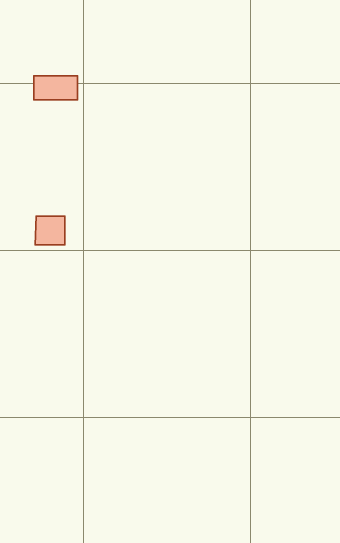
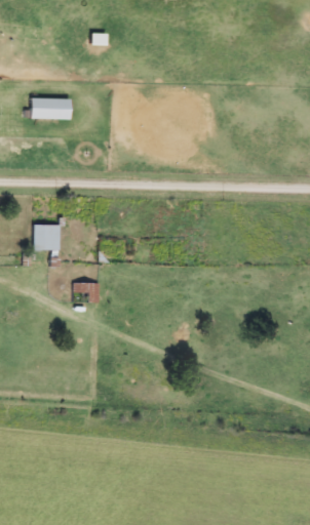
building: none -> [75,282,101,301]

